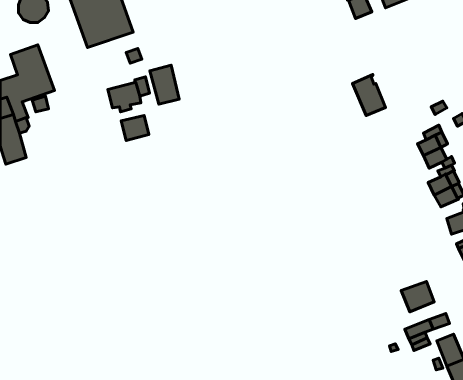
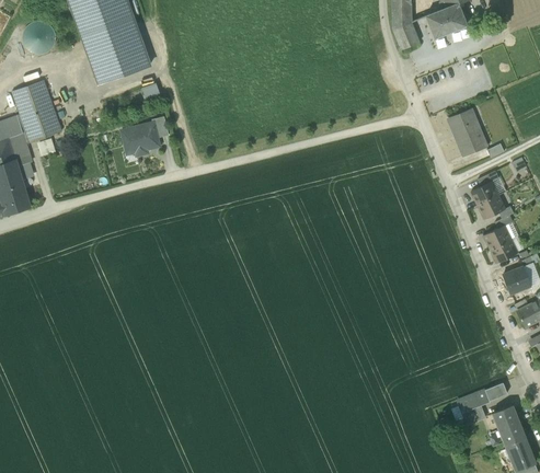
building: [150,65,179,104] -> none
building: [353,75,386,115] -> [448,109,485,155]
building: [121,116,149,141] -> none
building: [401,282,434,312] -> none

